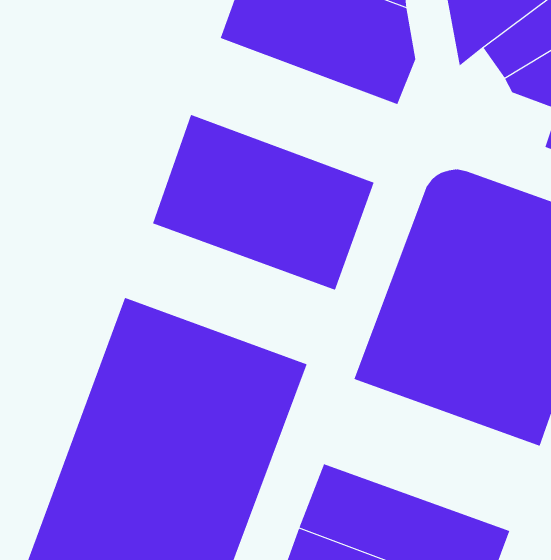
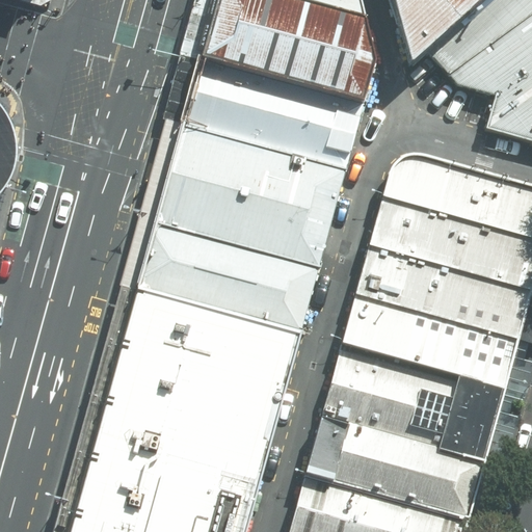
building: none -> [182,61,365,175]
building: none -> [138,225,319,336]
building: none -> [321,345,506,464]

